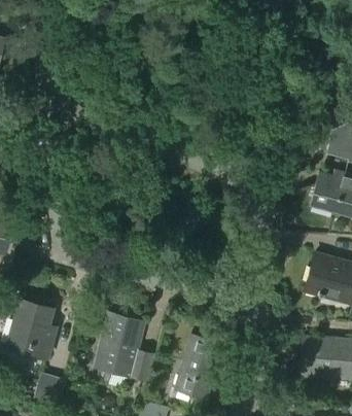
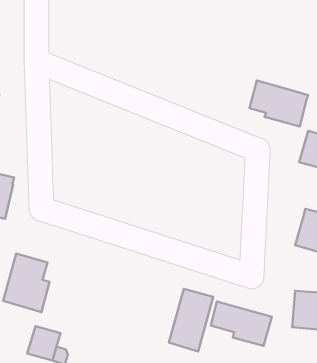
building: none -> [250,81,308,126]
building: [93,311,154,380] -> none
building: none -> [211,302,272,346]

